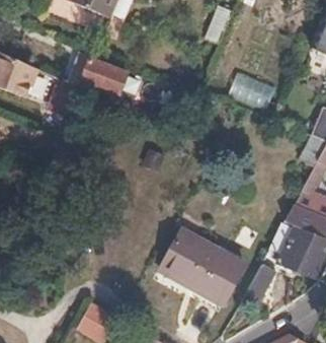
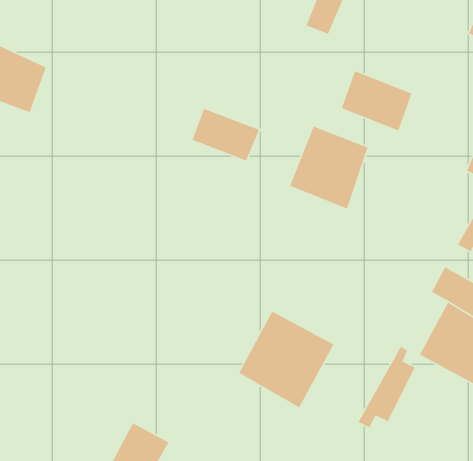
building: [82,60,128,95] -> [191,108,260,162]
building: none -> [289,125,369,209]
building: [201,251,247,305] -> none

